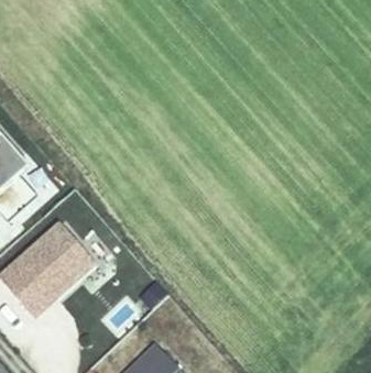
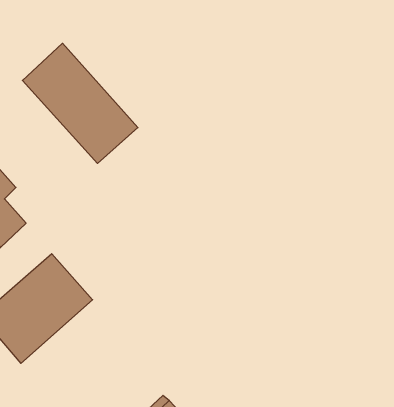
building: none -> [22,43,138,163]

